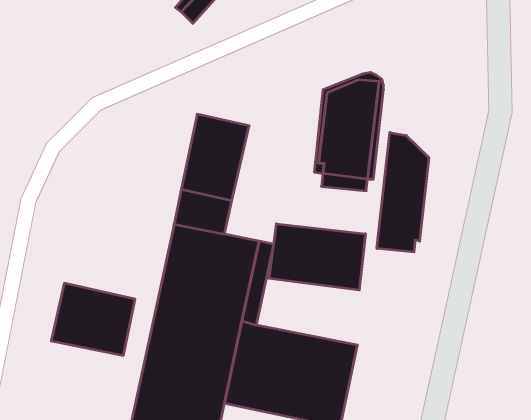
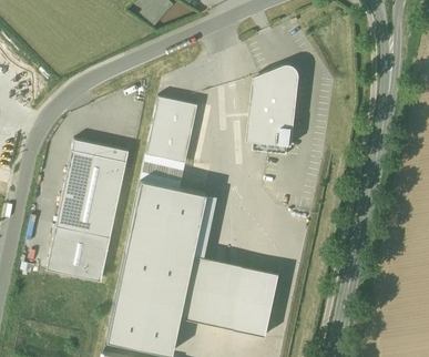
building: [377,132,429,252] -> none
building: none -> [55,139,129,237]
building: [269,224,365,290] -> none

